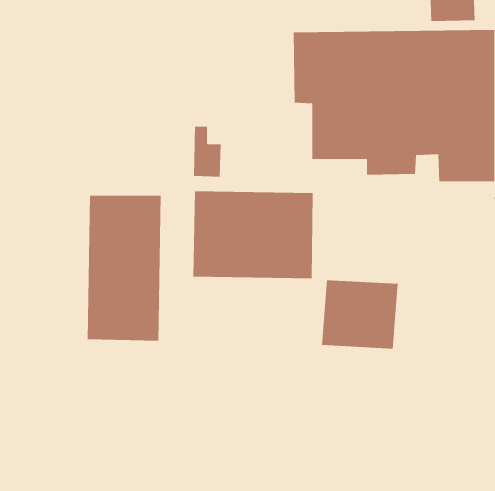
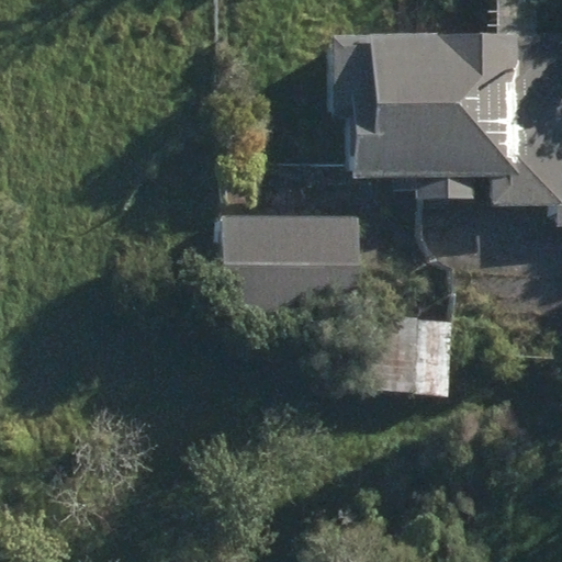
building: [87,195,161,342] -> none

